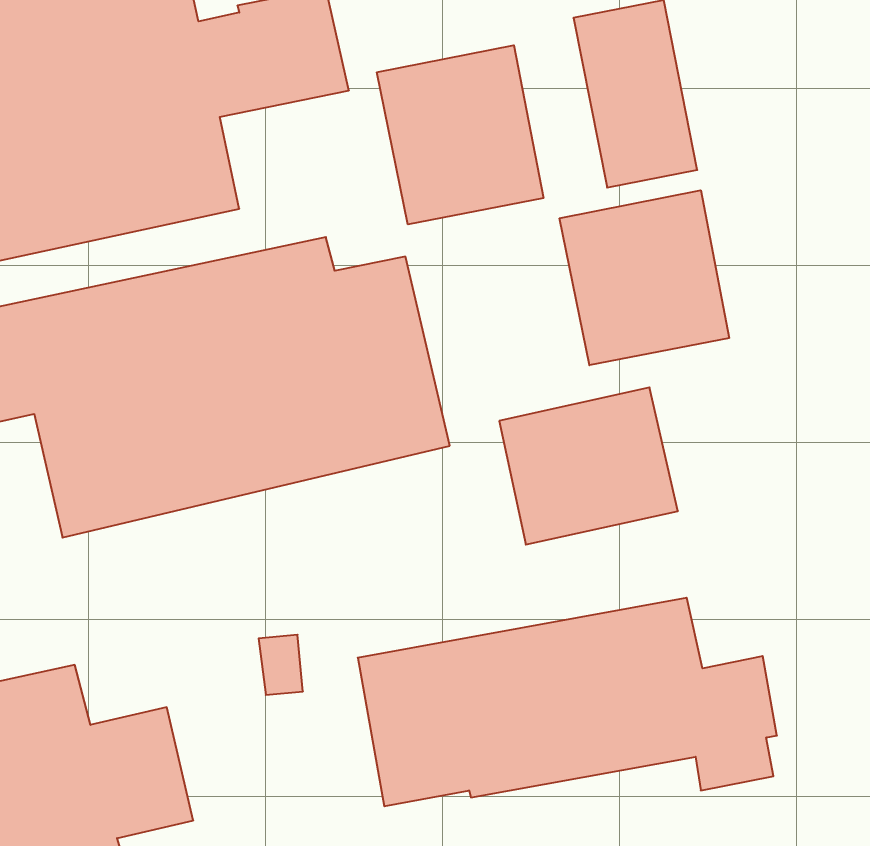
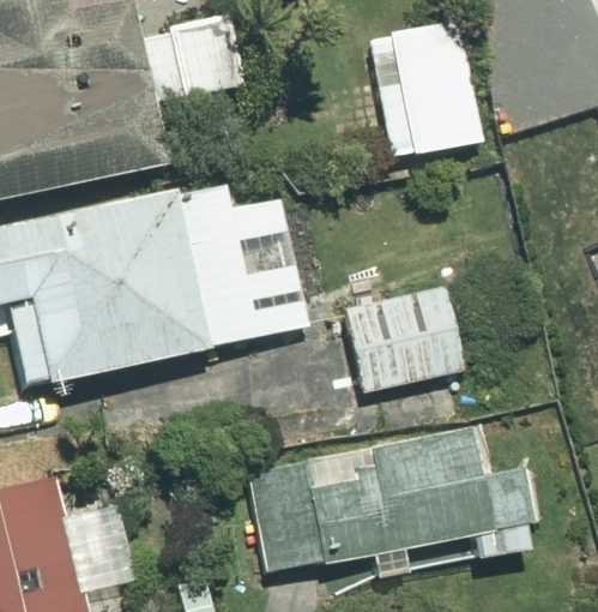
building: [377,45,543,224] -> none
building: [560,190,729,365] -> none

